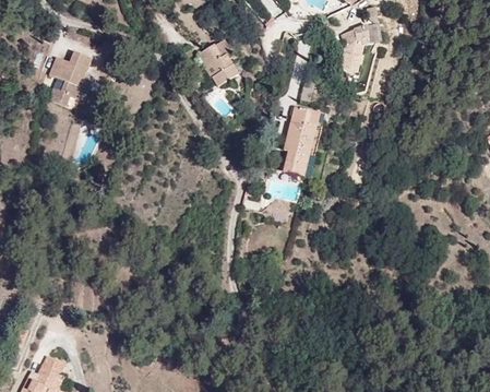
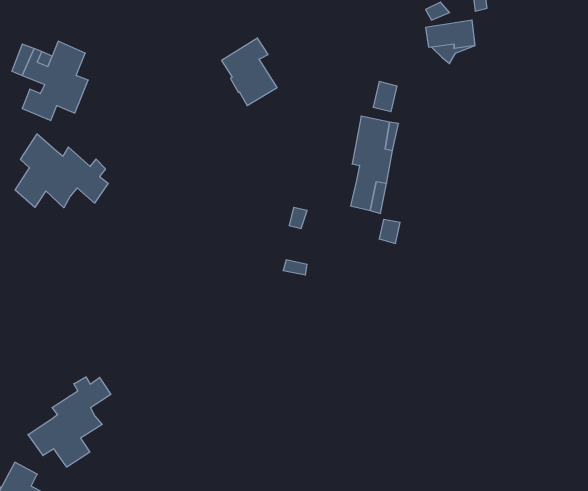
building: none -> [15,134,108,208]
building: none -> [28,377,111,467]

